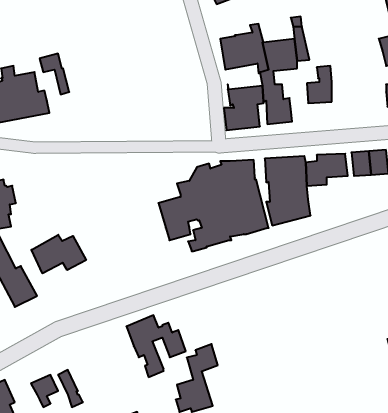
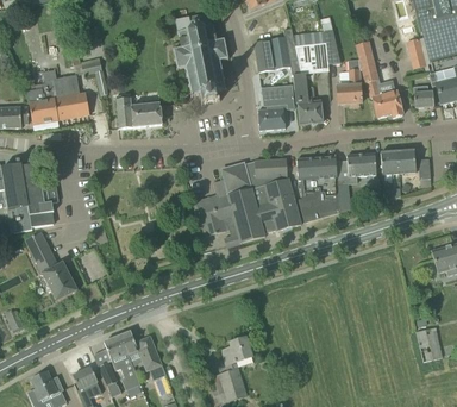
building: none -> [173,13,229,104]
building: none -> [355,40,402,117]
building: none -> [115,94,162,127]
building: [31,235,86,273] -> none
building: [126,315,186,377] -> [104,330,161,389]

